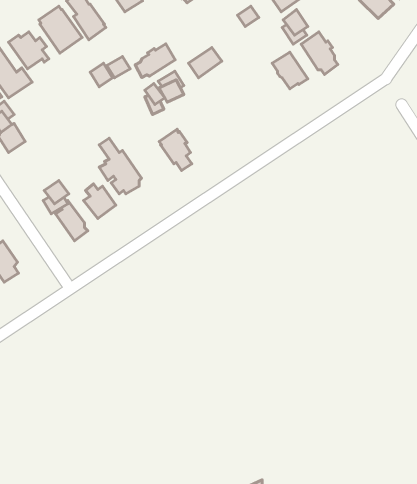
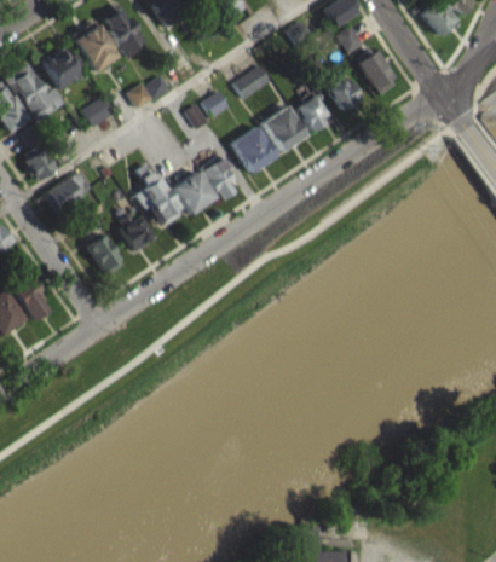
building: [135,44,175,78] -> none
building: none -> [296,92,333,132]
building: none -> [82,97,115,128]
building: none -> [263,106,307,152]
building: none -> [232,127,277,173]
building: none -> [45,172,93,213]
building: none -> [174,172,217,215]

